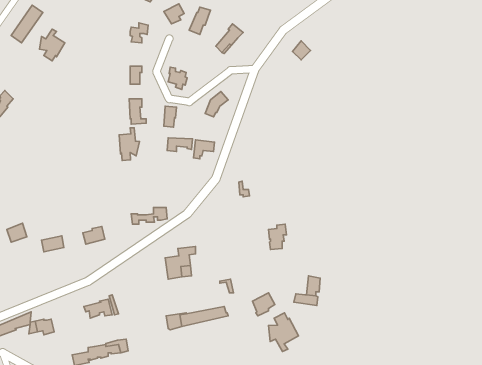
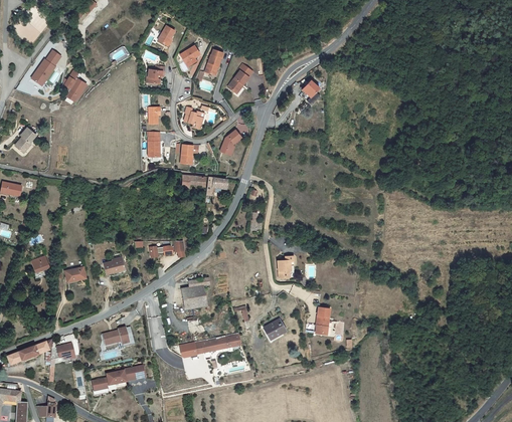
building: [119,128,139,160] -> none
building: [269,313,299,351] -> none

